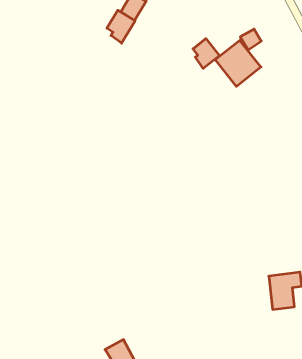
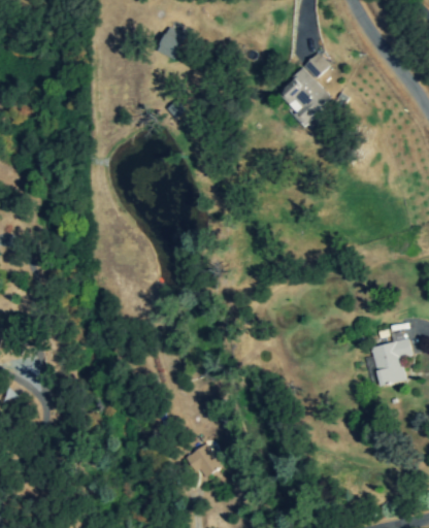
building: [107,10,135,43] -> none
building: [193,39,219,68] -> none

